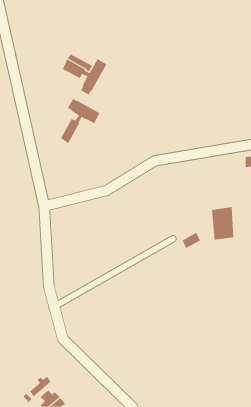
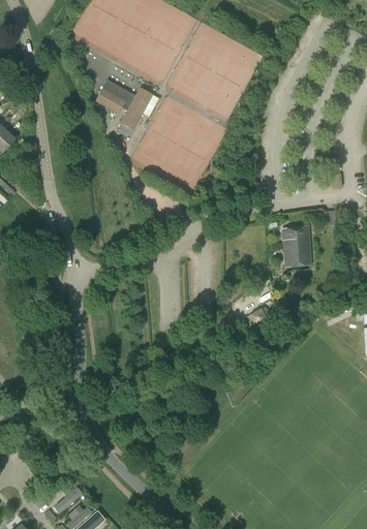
building: [60,98,100,144] -> none
building: [211,206,234,240] -> [282,224,311,267]

